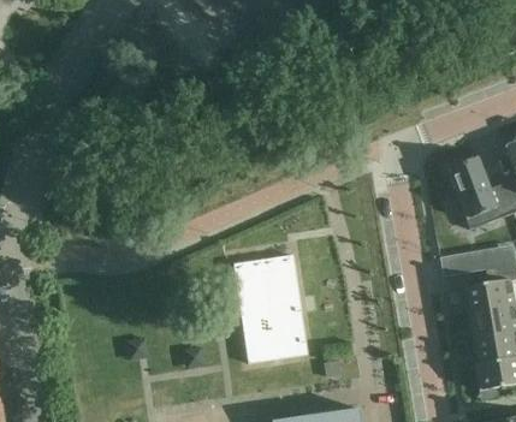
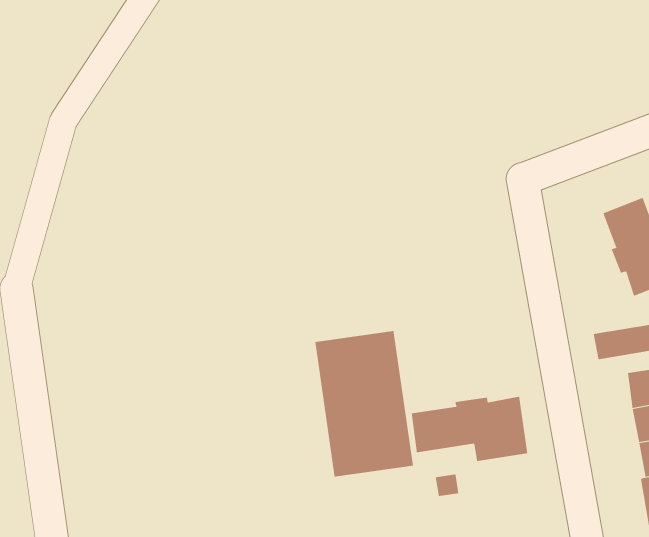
building: none -> [411,396,528,462]

